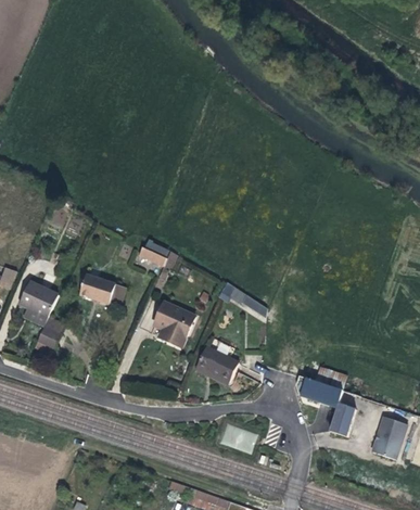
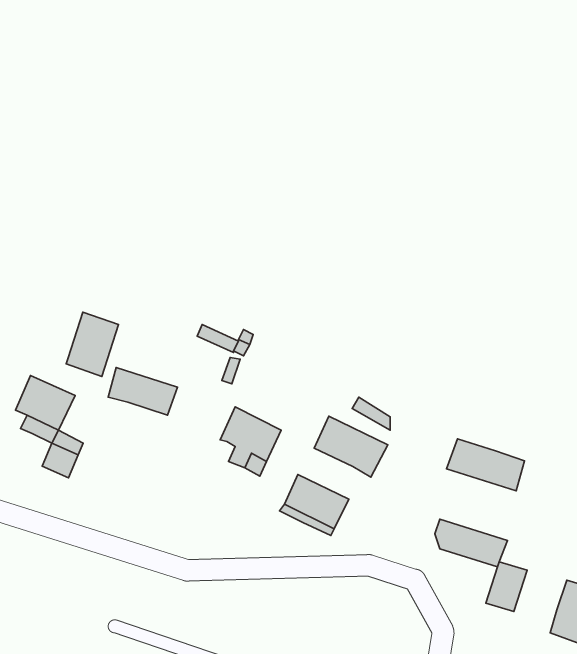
building: none -> [66,312,119,376]
building: none -> [314,416,388,477]
building: none -> [447,439,524,491]

